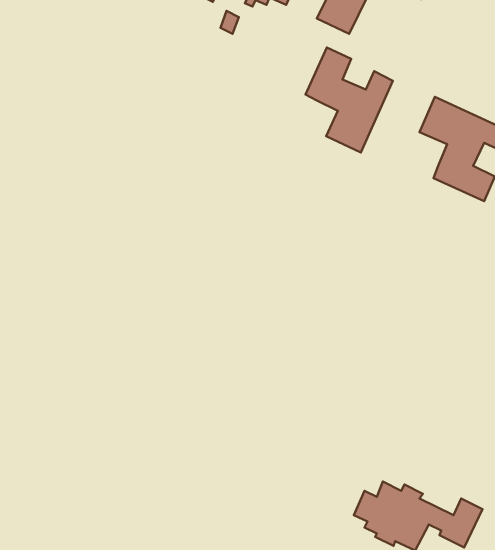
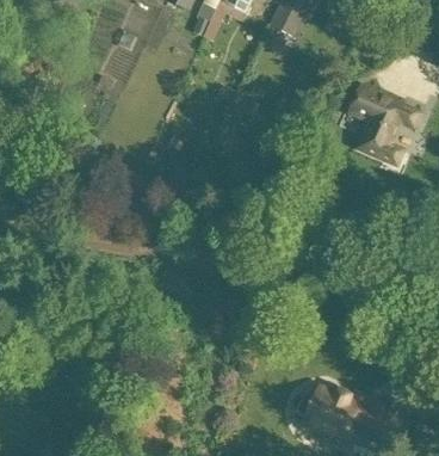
building: [305,47,393,153] -> none

